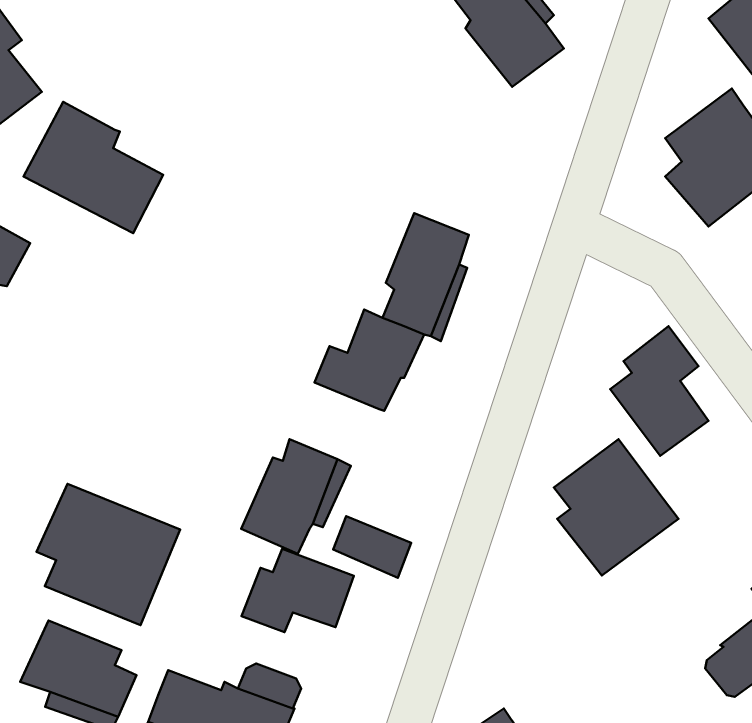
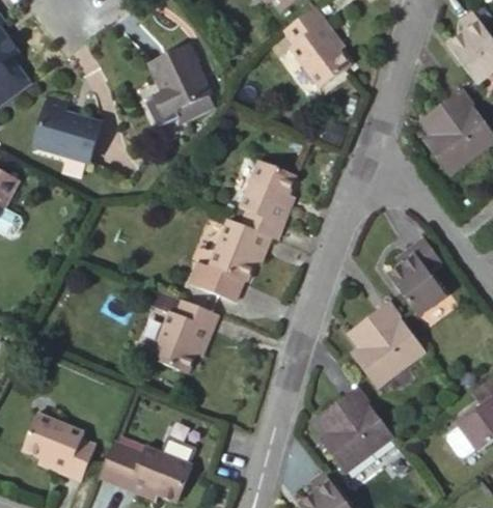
building: none -> [142,44,215,134]
building: [37,484,180,625] -> none
building: [333,516,411,578] -> [192,266,241,305]
building: [241,549,354,632] -> none
building: none -> [317,385,390,469]

